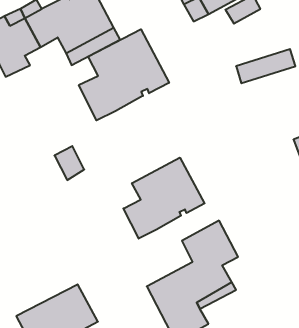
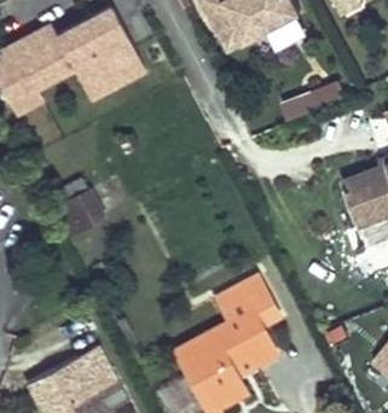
building: [79,29,169,120] -> none
building: [123,158,205,239] -> none

